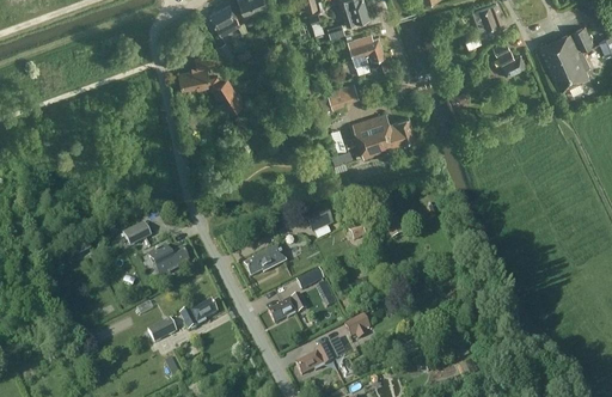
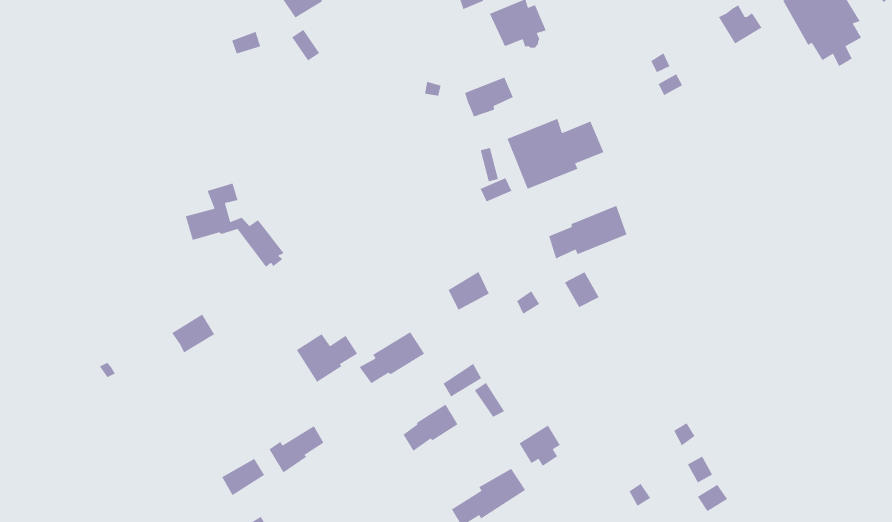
building: [178,53,241,110] -> [185,183,285,268]
building: none -> [548,205,628,260]
building: [147,245,188,277] -> [296,333,358,383]

